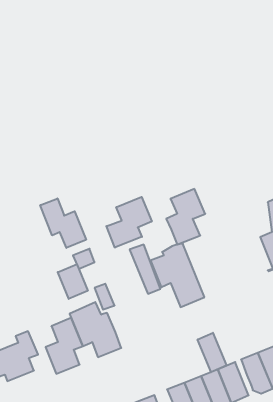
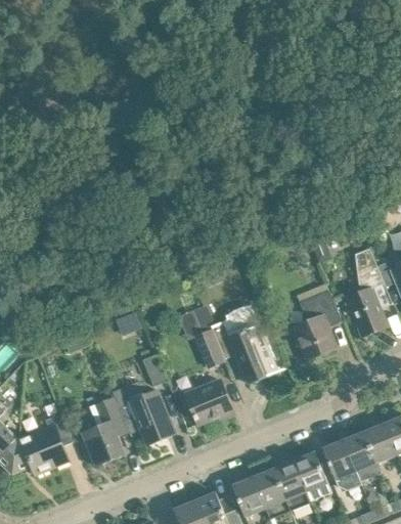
building: [166,189,205,245] -> [295,290,343,358]
building: [106,197,152,248] -> none
building: [40,198,86,248] -> none
building: [58,264,88,299] -> none
building: none -> [186,379,231,423]
building: [198,333,227,372] -> none

